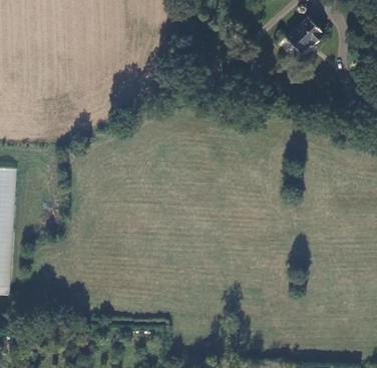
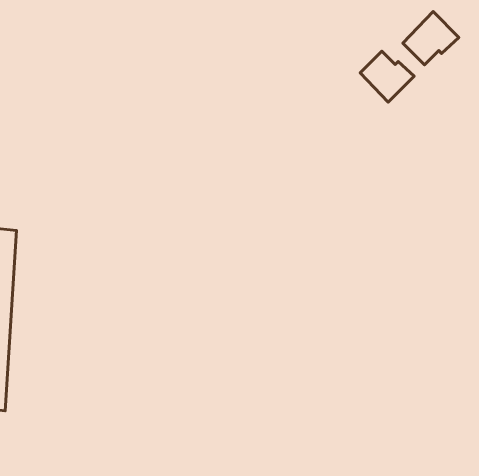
building: none -> [360,51,414,102]

